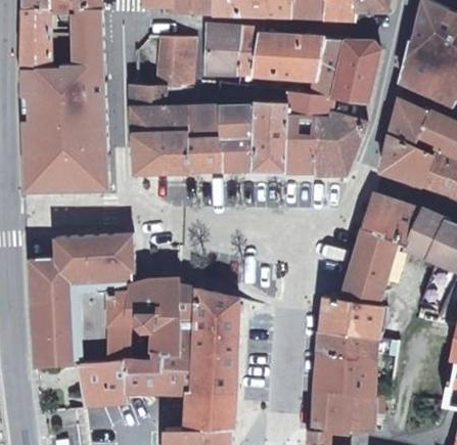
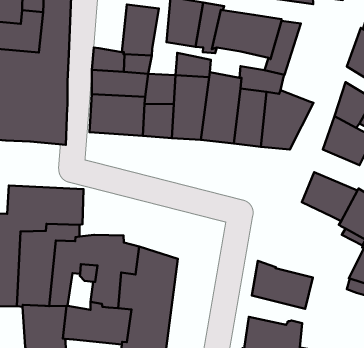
building: [332,41,379,104] -> none
building: [341,228,396,304] -> none
building: [318,330,376,358] -> none

